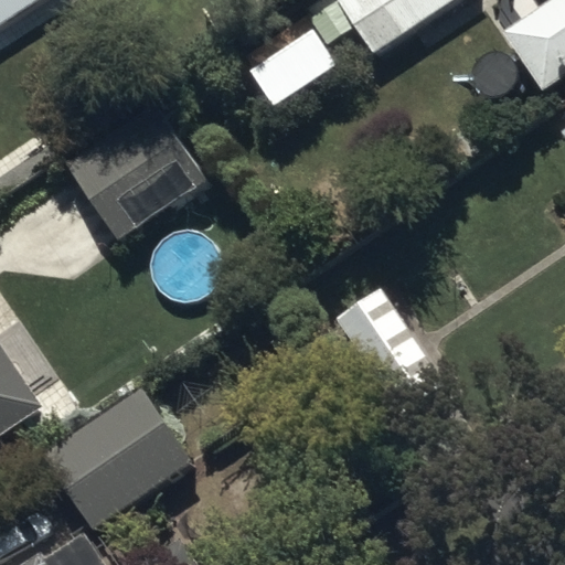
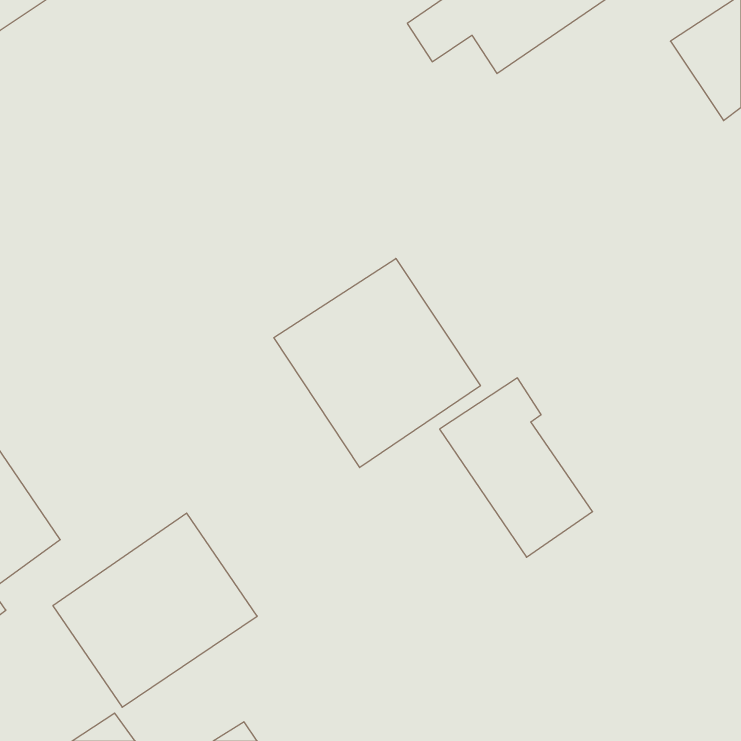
building: [65,104,203,238] -> none
building: none -> [274,258,480,468]

